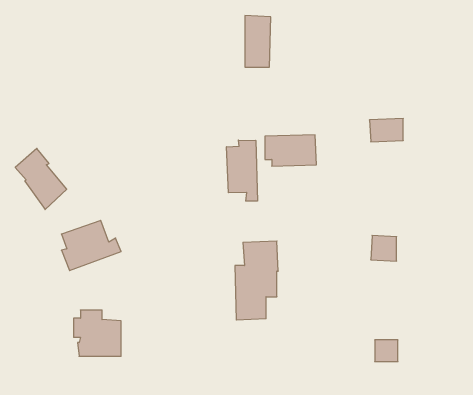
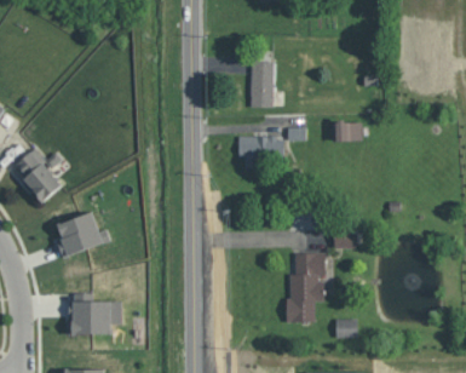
building: [245,16,271,67] -> [251,61,274,107]
building: [227,140,257,201] -> none
building: [235,241,278,320] -> [287,252,326,322]

